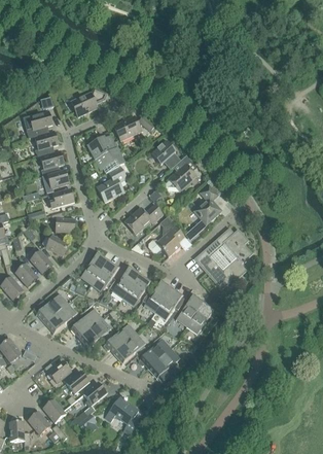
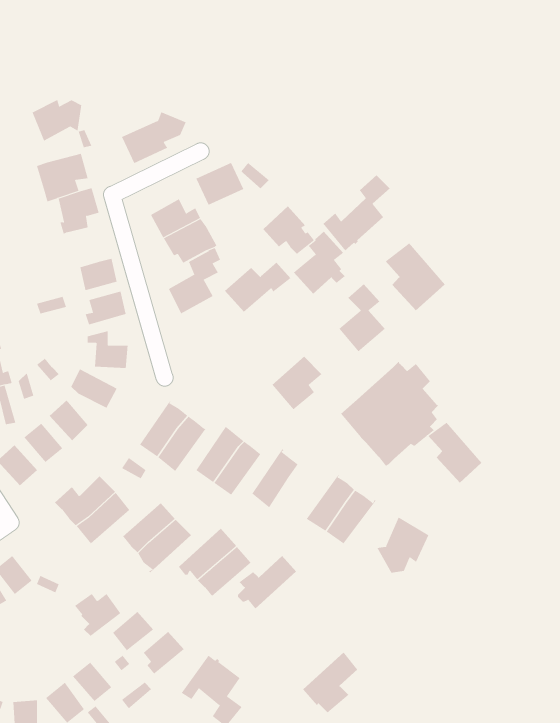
building: none -> [32,99,82,142]
building: none -> [322,175,390,251]
building: [39,150,63,176] -> none
building: none -> [385,243,445,311]
building: [123,205,162,234] -> [224,262,291,312]
building: none -> [427,422,482,484]
building: [154,287,184,319] -> none
building: none -> [376,517,429,573]
building: [146,348,178,383] -> [302,652,358,713]

